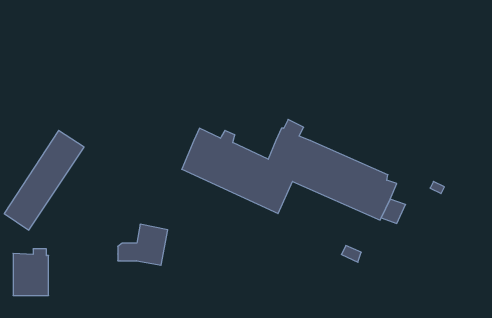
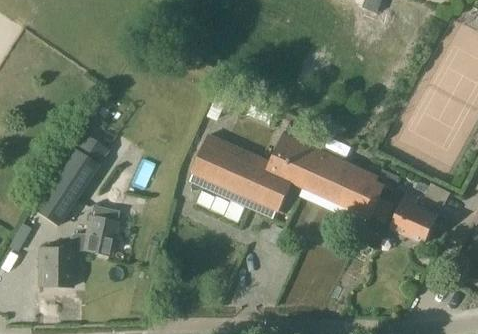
building: none -> [391,193,437,242]
building: [118,224,168,265] -> [70,217,115,254]

